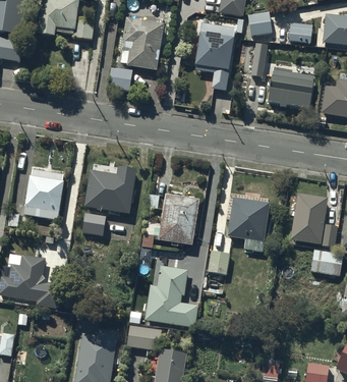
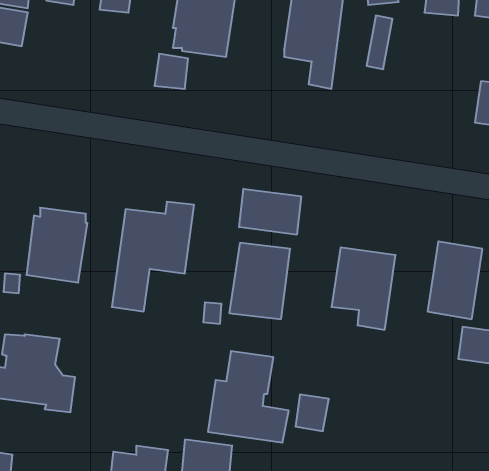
building: [268,70,313,110] -> none
building: none -> [239,189,301,235]
building: [207,251,229,275] -> [295,394,329,431]

